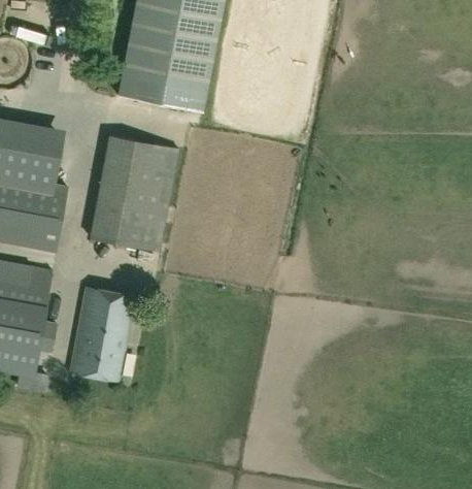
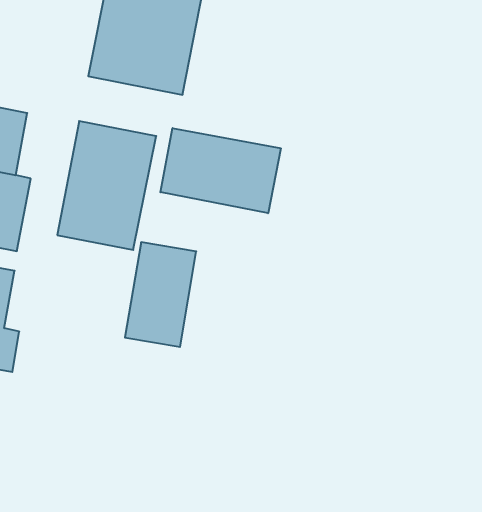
building: none -> [160,128,281,213]
building: [70,288,134,382] -> [125,242,196,347]

